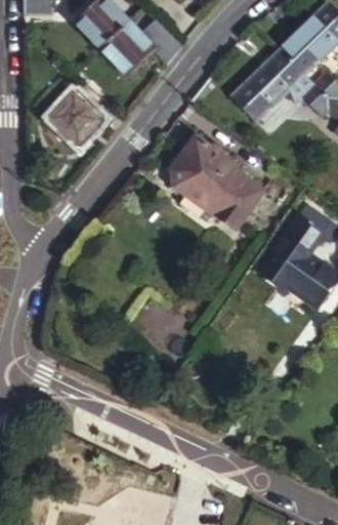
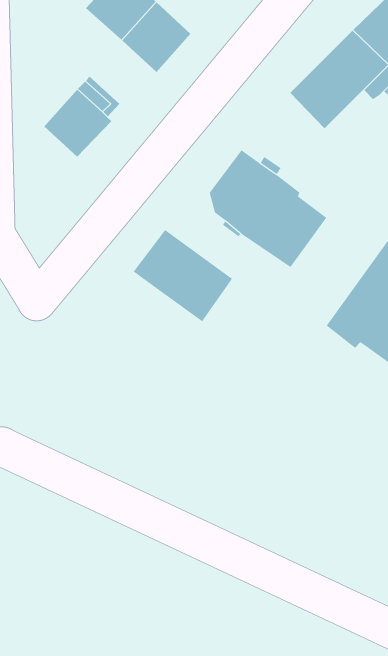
building: none -> [133,229,233,322]

